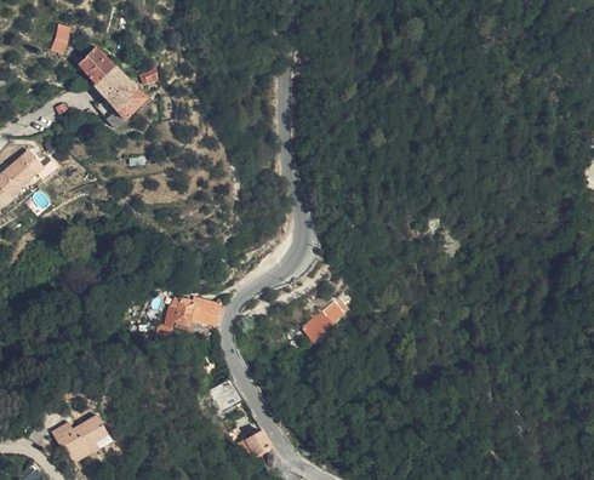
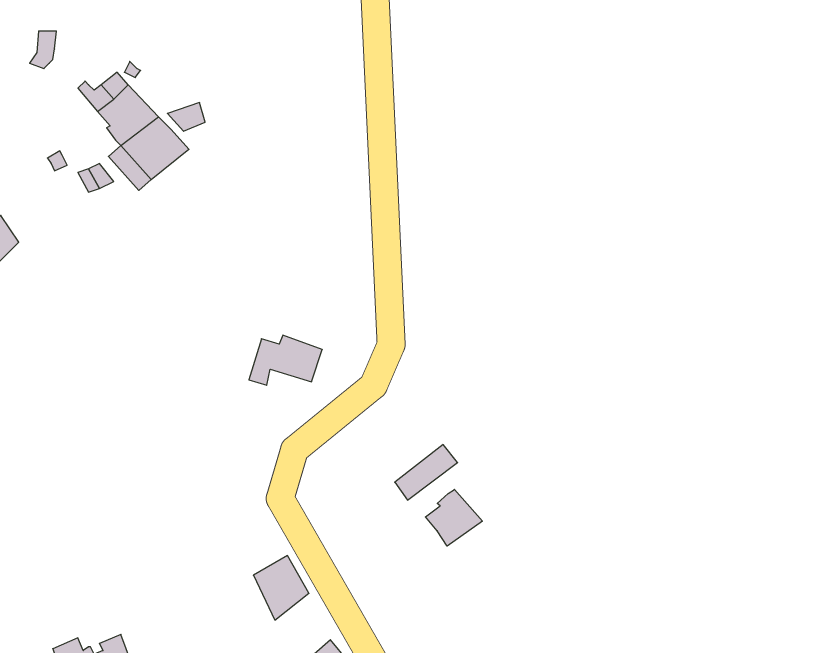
building: [170,295,219,328] -> [249,335,322,385]
building: none -> [425,489,482,546]

